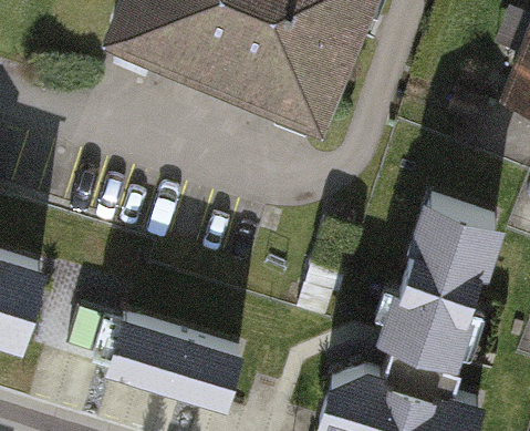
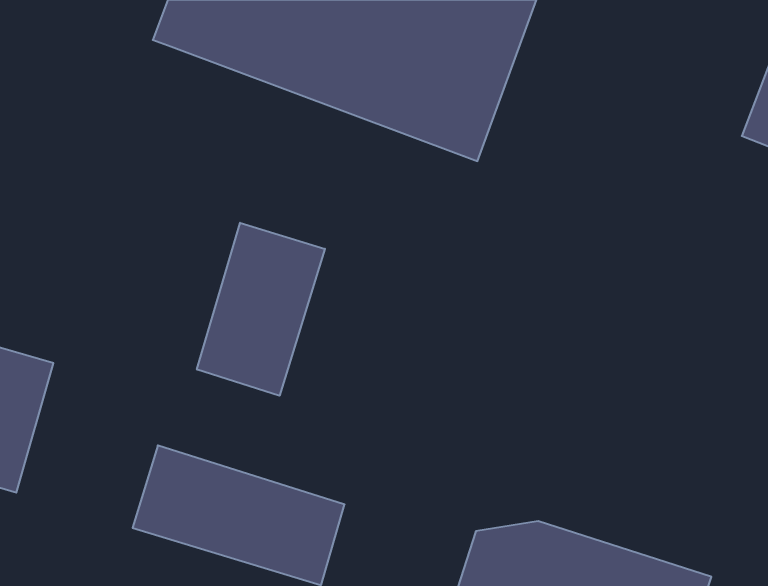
building: none -> [197,223,325,396]
building: [378,191,505,358] -> none

